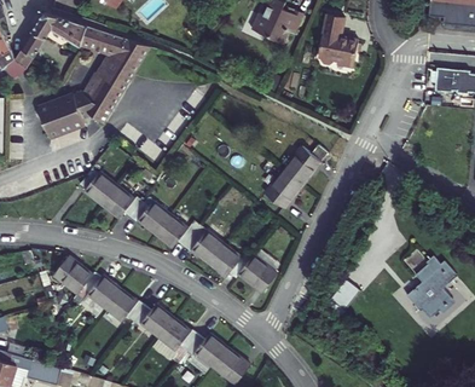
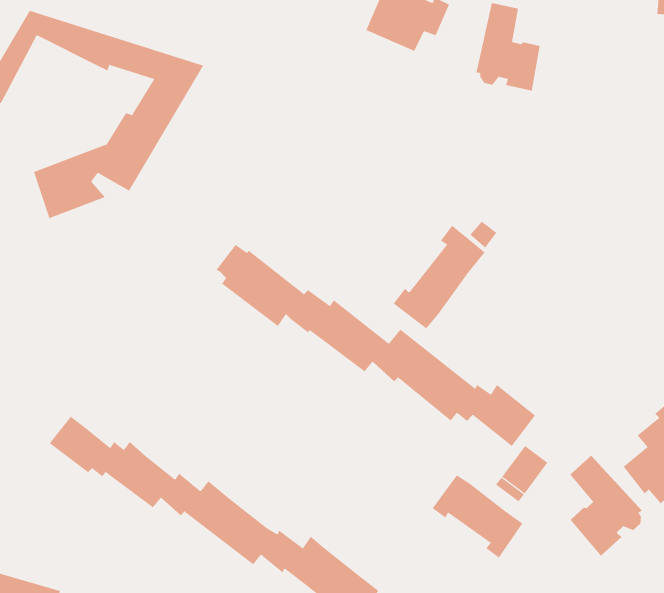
building: [81,168,278,293] -> [215,244,536,447]
building: none -> [570,455,643,557]
building: none -> [432,475,523,559]

